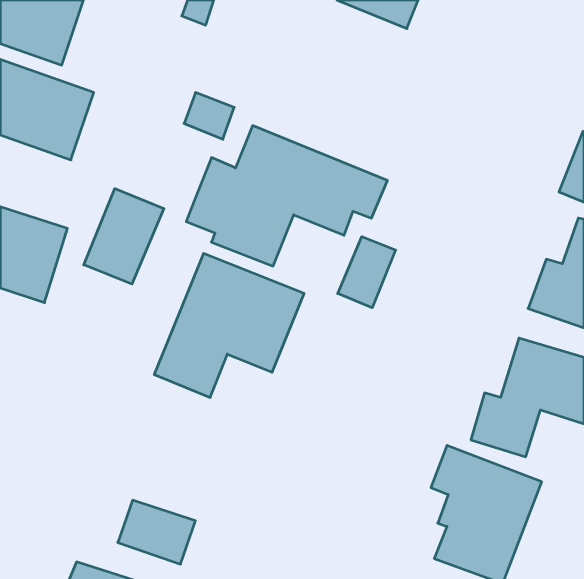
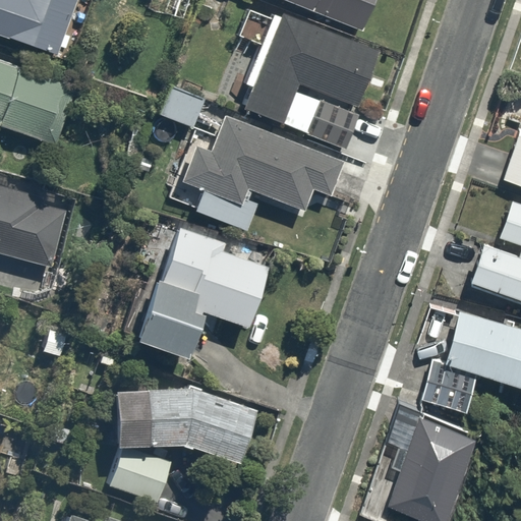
building: none -> [222,8,383,151]
building: [84,189,164,284] -> none
building: [338,237,396,308] -> none
building: none -> [115,389,259,464]

